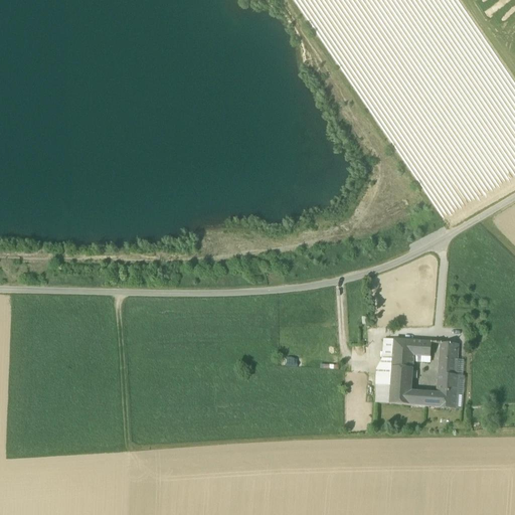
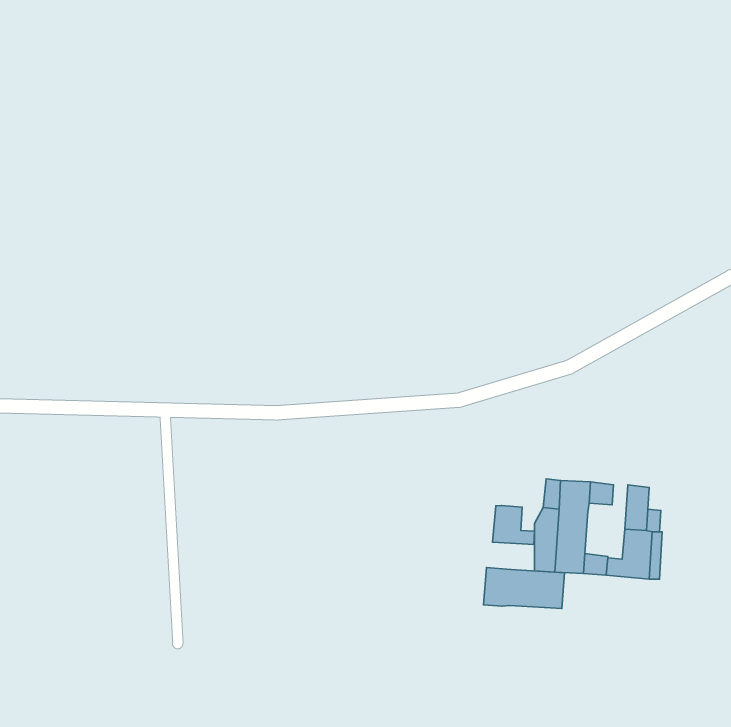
building: none -> [492,506,535,545]
building: none -> [483,567,565,608]

